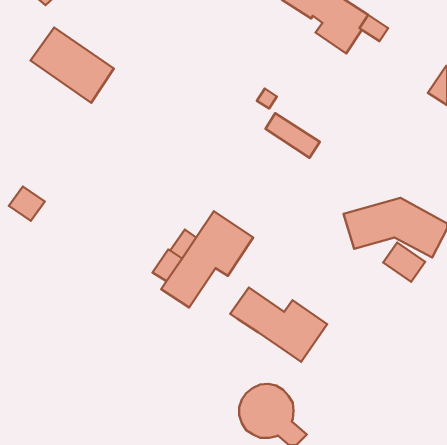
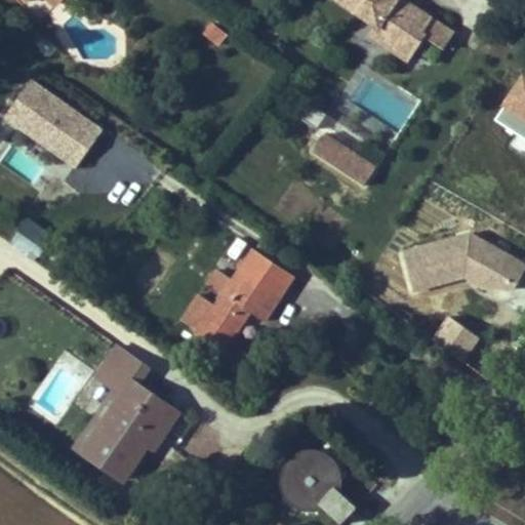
building: [31,27,114,103] -> [4,79,102,167]
building: [383,242,425,282] -> [431,316,480,362]
building: [230,287,327,362] -> none
building: none -> [73,345,179,485]

